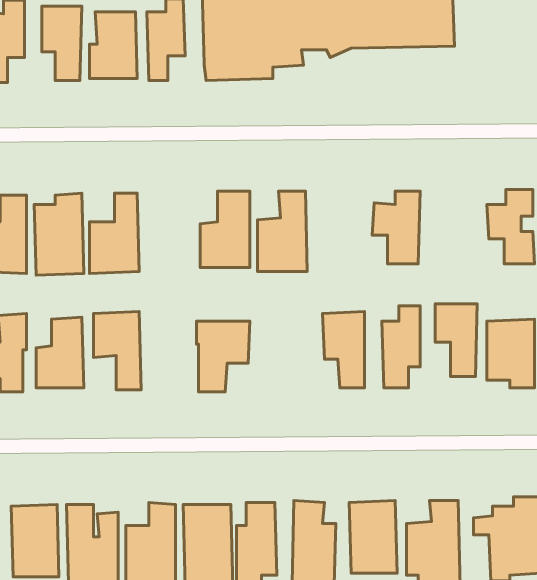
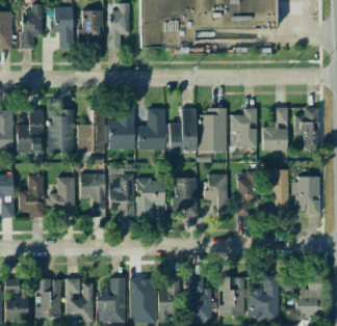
building: none -> [262,107,288,151]
building: none -> [199,108,228,152]
building: none -> [110,110,135,150]
building: none -> [109,167,134,216]
building: none -> [173,178,197,215]

